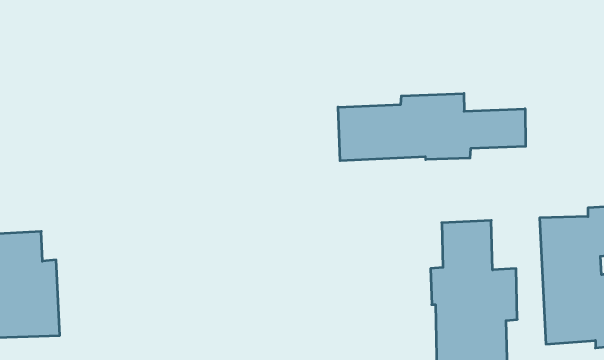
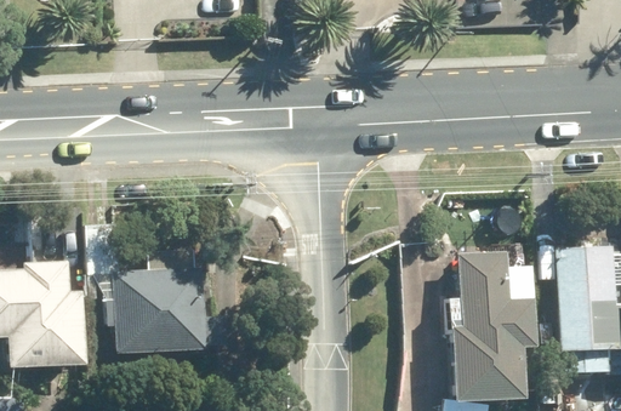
building: [338,93,526,161] -> none
building: none -> [86,226,226,353]

